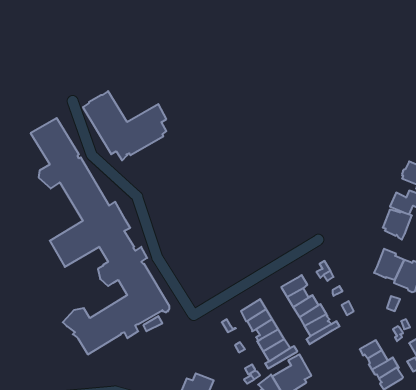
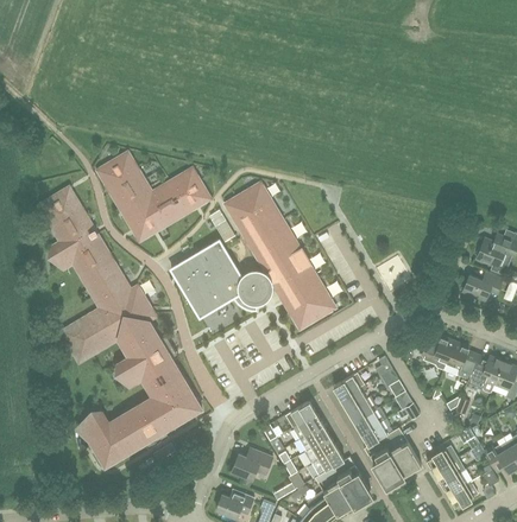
building: none -> [171,183,335,329]
building: [383,210,412,240] -> [421,335,455,370]
building: none -> [370,443,422,483]
building: none -> [232,448,273,479]

